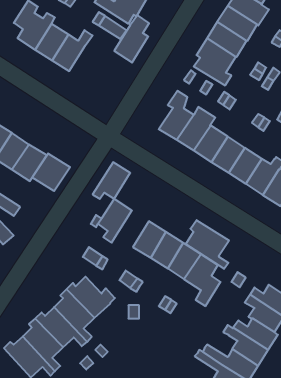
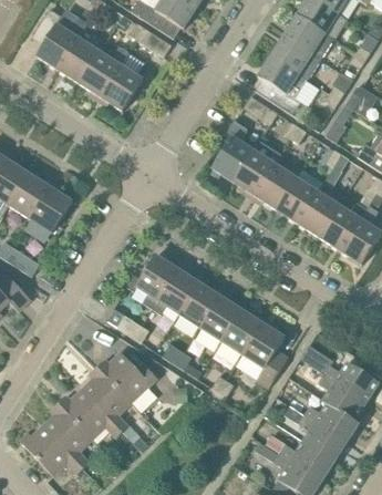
building: [114,15,149,63] -> [101,52,144,111]
building: [32,153,70,191] -> none
building: [93,162,130,199] -> [153,269,199,314]
building: [186,220,229,269] -> none

